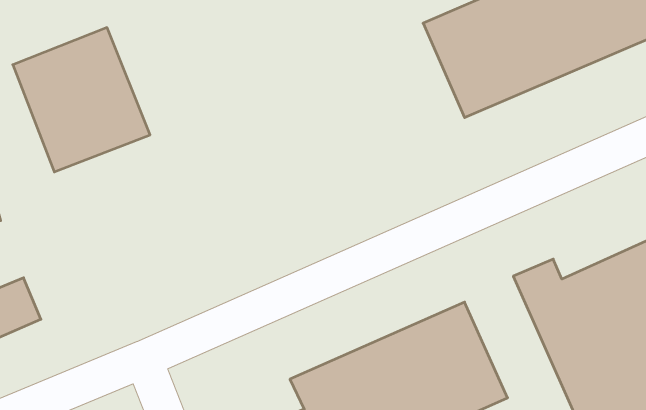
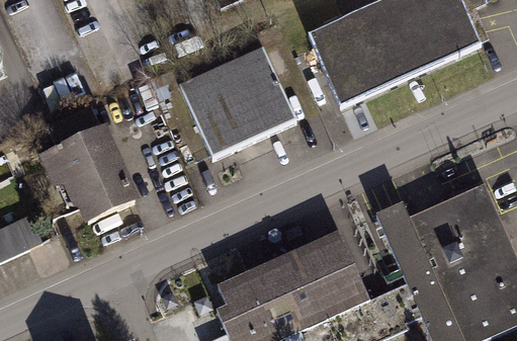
building: [13,28,150,172] -> [42,124,140,227]
building: none -> [178,45,295,157]

